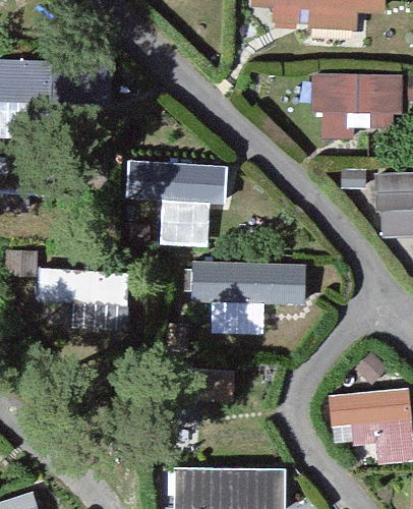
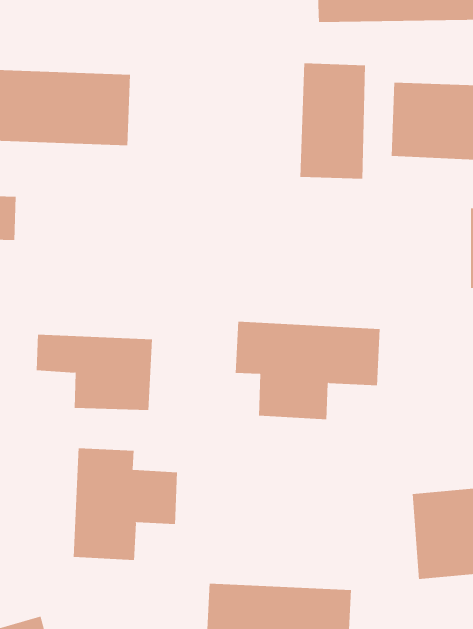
building: none -> [300,63,366,180]
building: [125,160,220,248] -> none
building: none -> [73,447,178,561]

